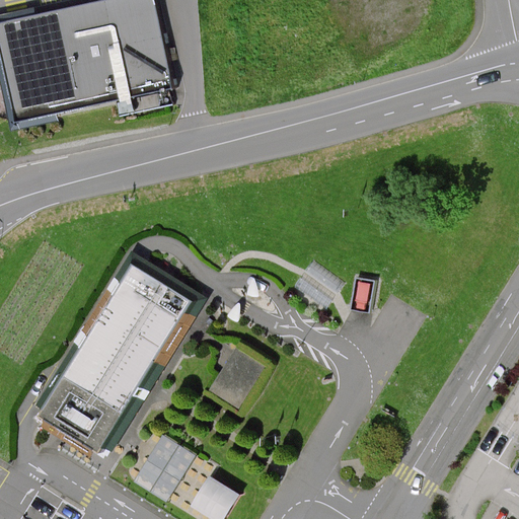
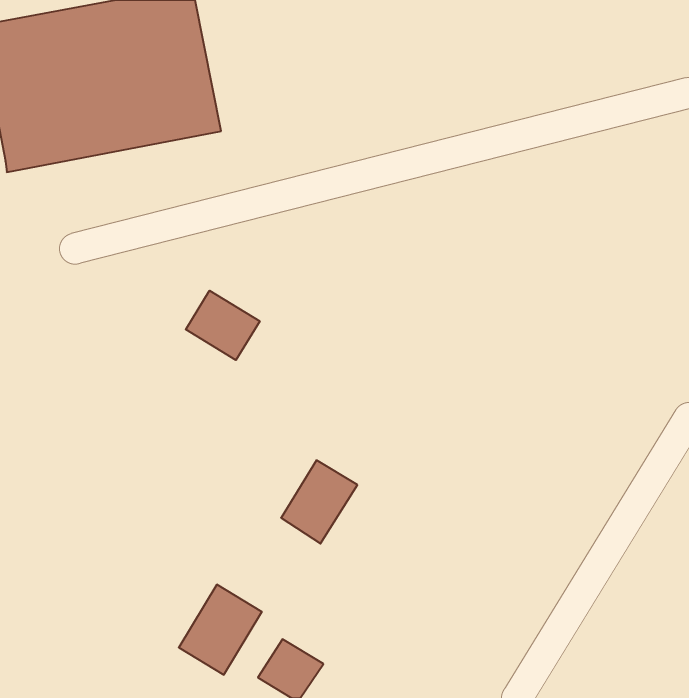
building: none -> [186,291,260,360]
building: [40,264,191,450] -> none

